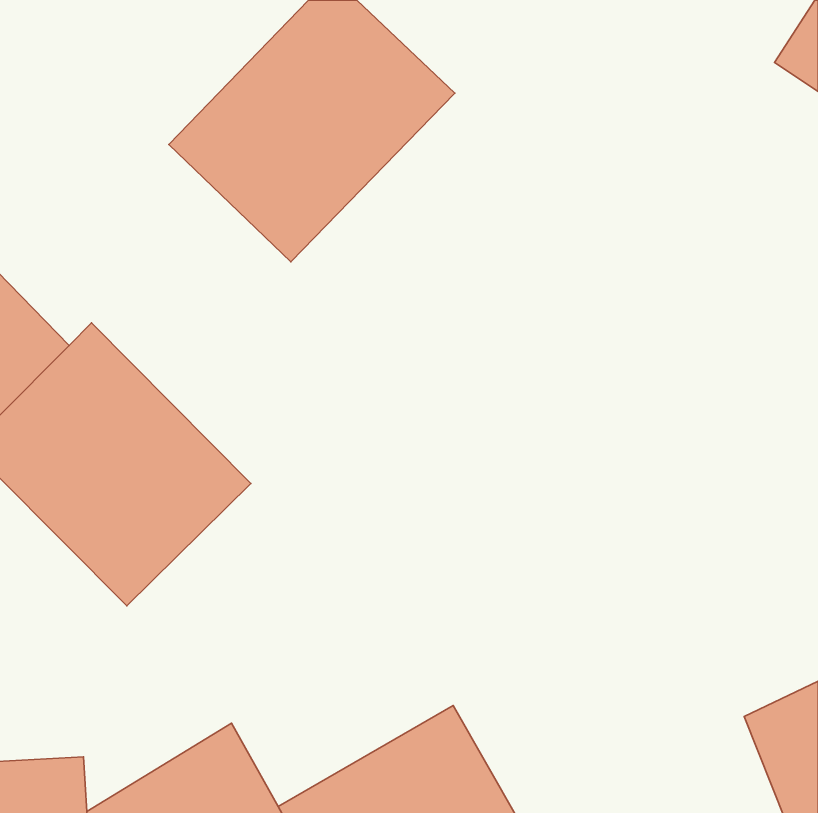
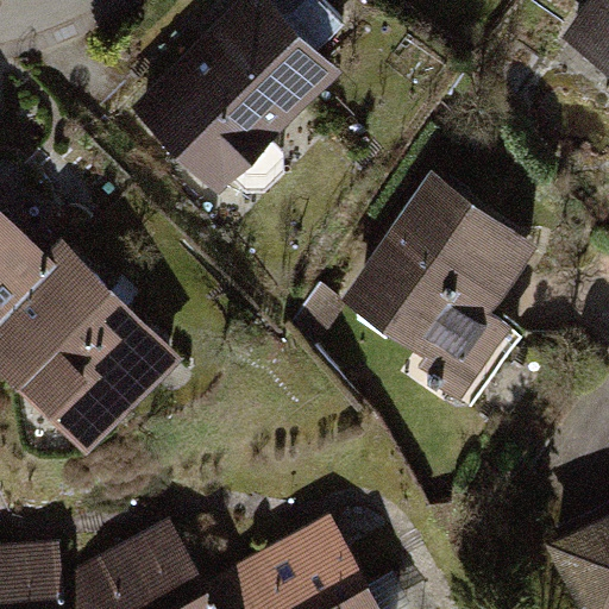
building: none -> [340,155,533,387]

